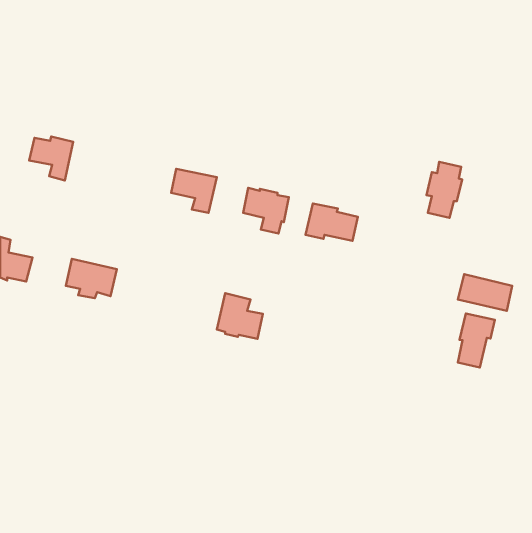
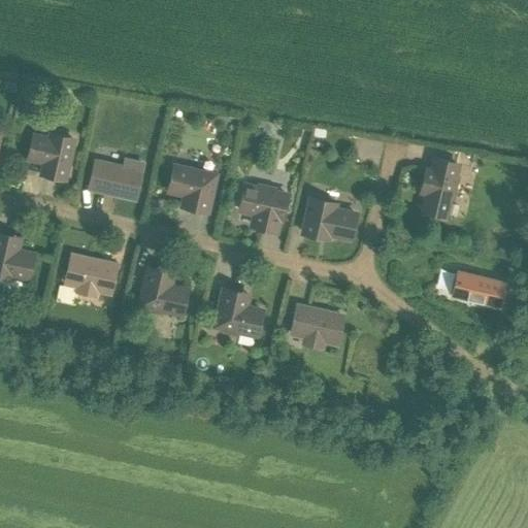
building: none -> [91,161,143,199]
building: none -> [141,269,186,314]
building: none -> [292,307,342,343]
building: [458,313,495,367] -> none

